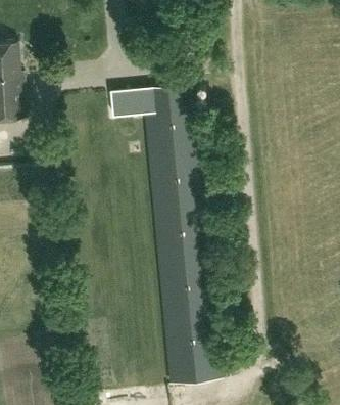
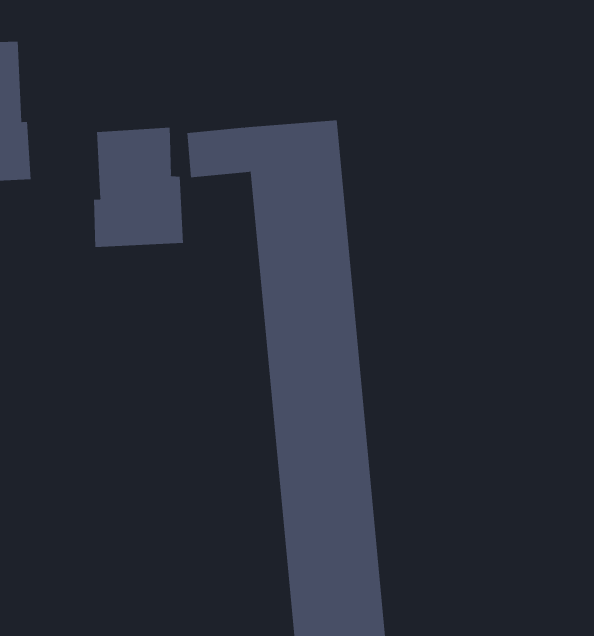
building: none -> [93,127,184,248]

